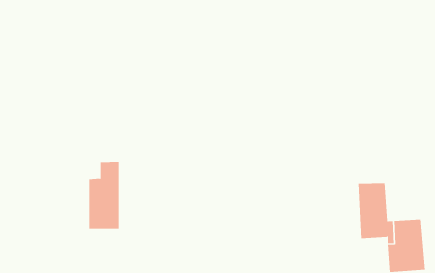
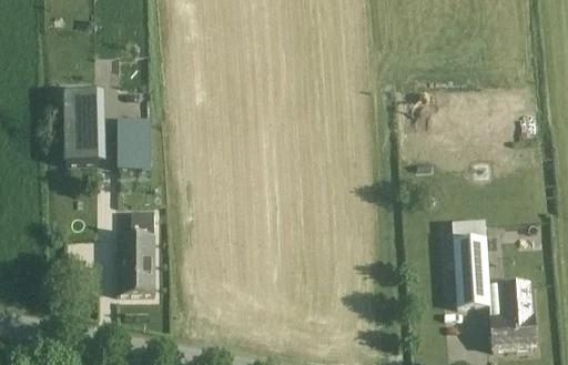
building: none -> [63,89,97,161]
building: none -> [118,115,149,164]

